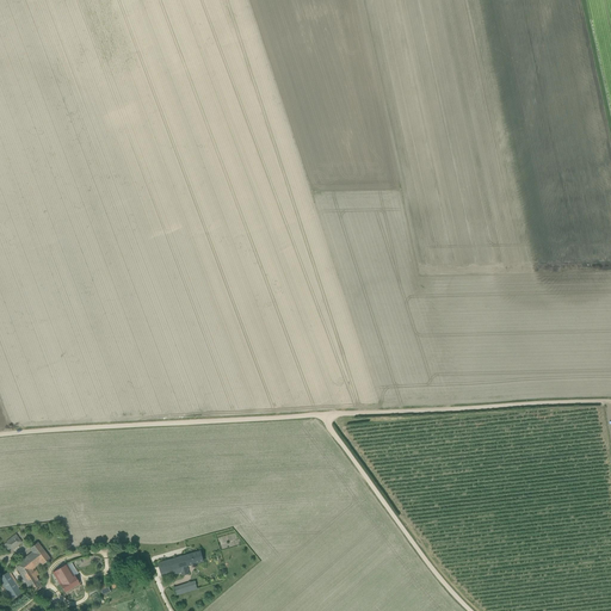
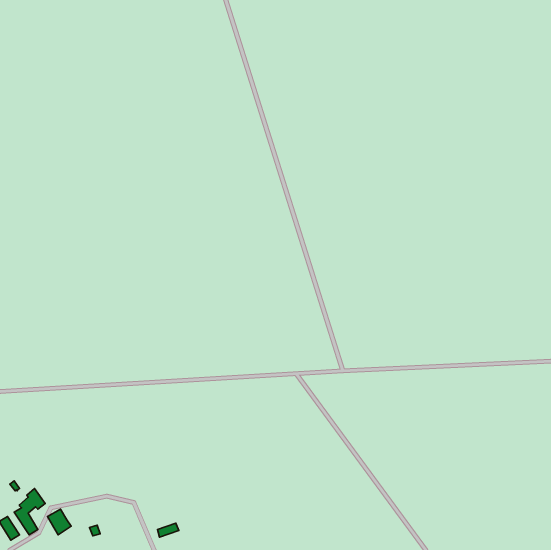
building: [159,550,204,578] -> none

